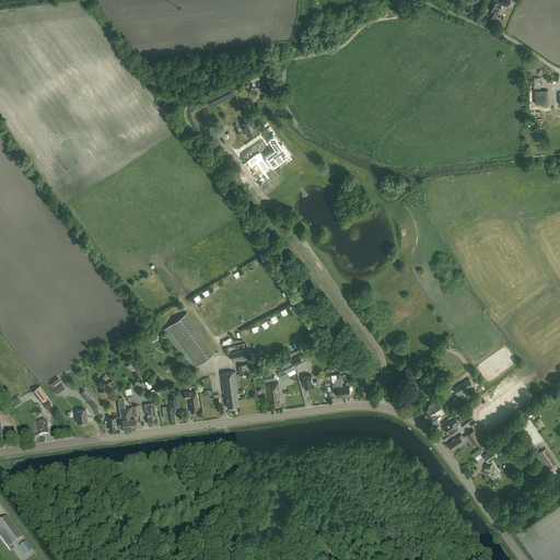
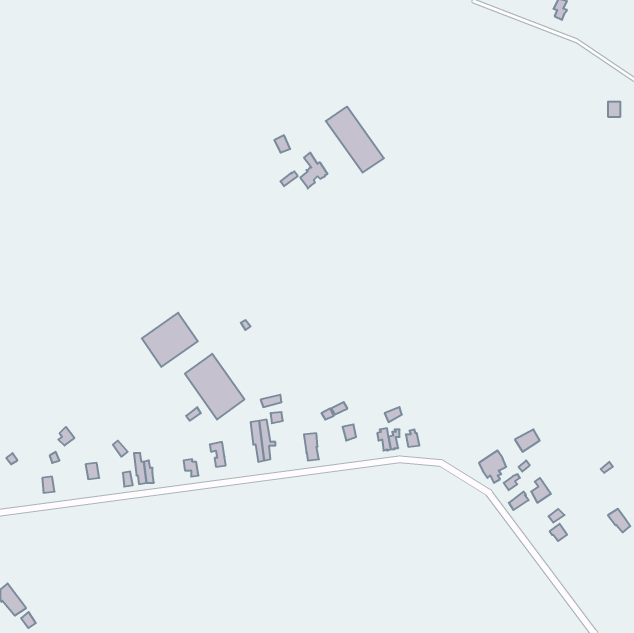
building: none -> [326,107,384,173]
building: none -> [142,313,198,367]

